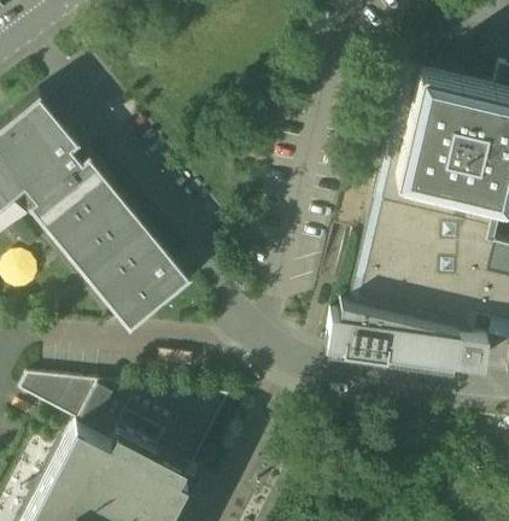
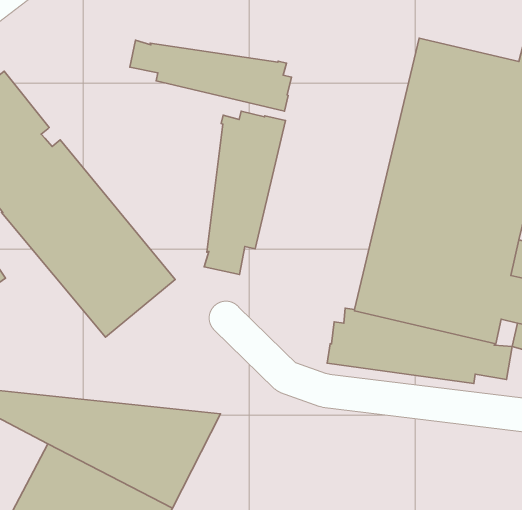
building: none -> [130,40,292,111]
building: none -> [204,111,285,274]

